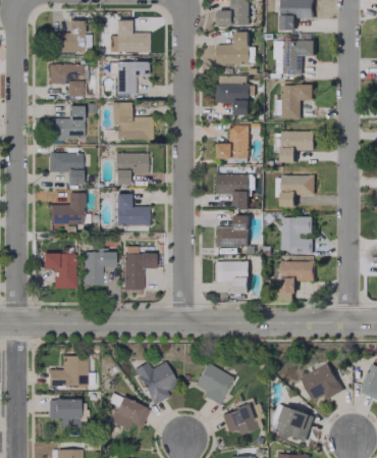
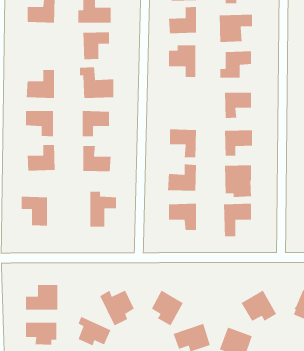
building: [49,64,83,96] -> none
building: [217,124,250,159] -> none
building: [84,251,115,285] -> none

